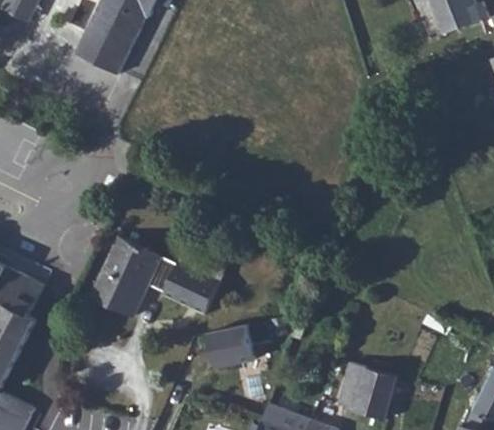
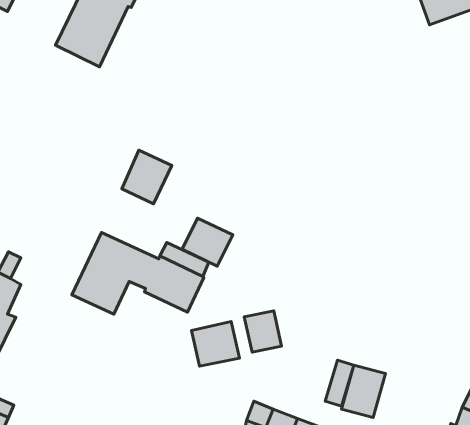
building: none -> [122,150,172,204]
building: none -> [182,218,233,266]
building: none -> [244,311,282,352]

